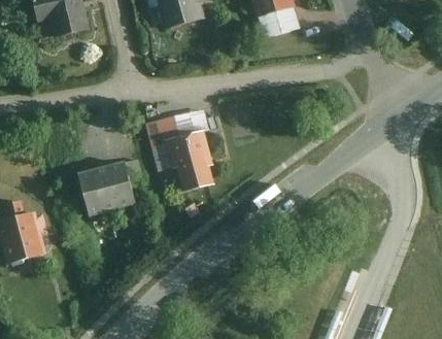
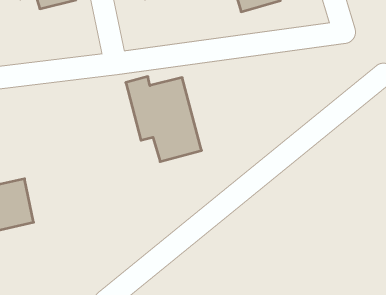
building: [80,165,135,214] -> none

